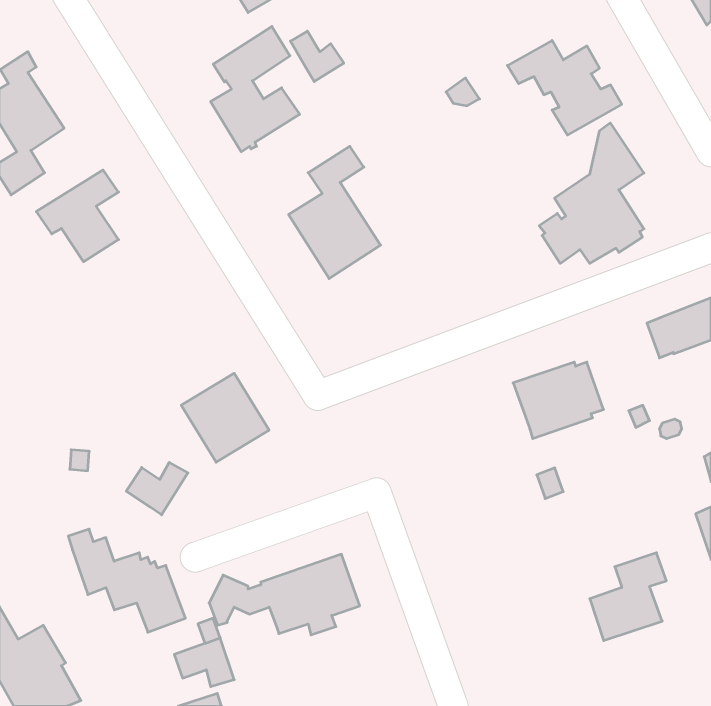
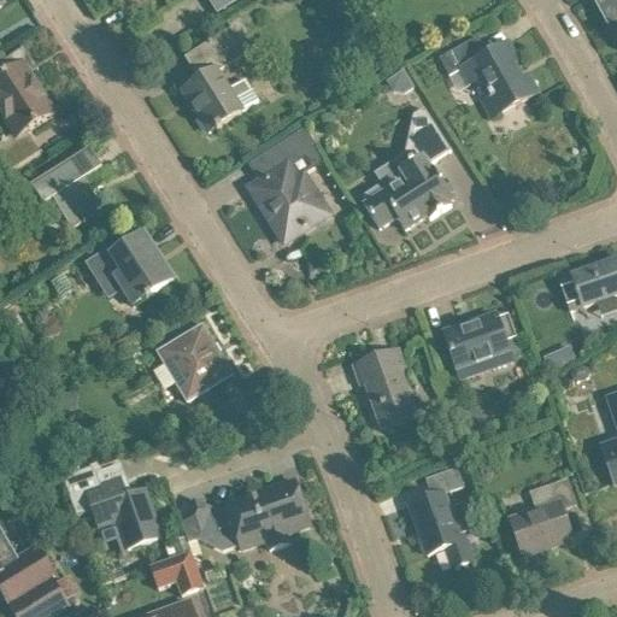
building: [290,31,344,82] -> none
building: [539,123,644,263] -> [362,106,452,228]
building: none -> [86,233,174,305]
building: none -> [353,348,416,427]
building: [126,462,188,515] -> none
building: none -> [409,466,475,566]

